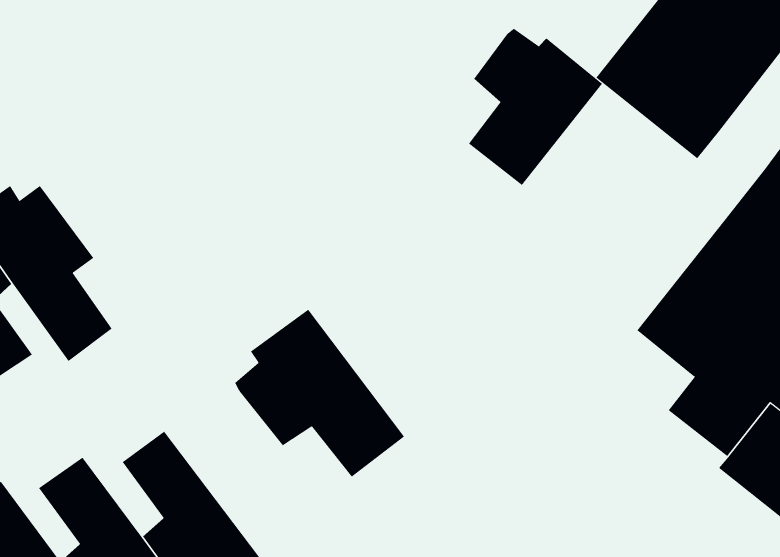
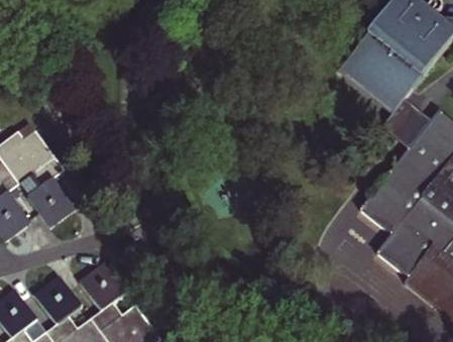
building: [468,28,603,186] -> none
building: none -> [381,99,429,147]
building: [235,309,405,478] -> none

